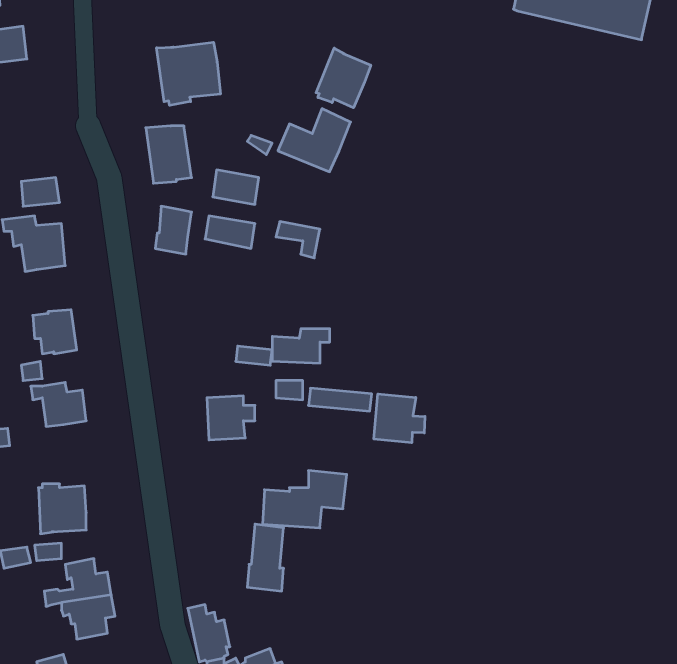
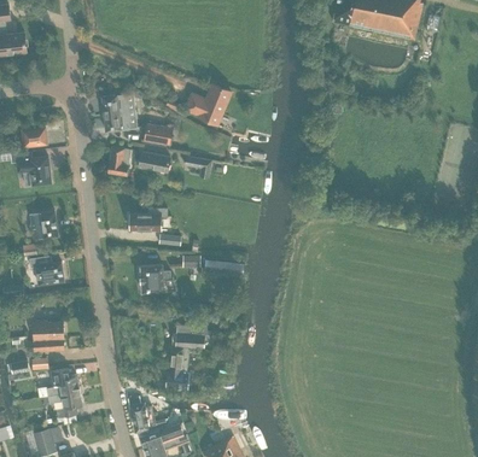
building: [157,42,220,105] -> none
building: [316,48,371,108] -> none
building: [272,329,330,363] -> [129,207,165,229]
building: [374,394,425,443] -> none

